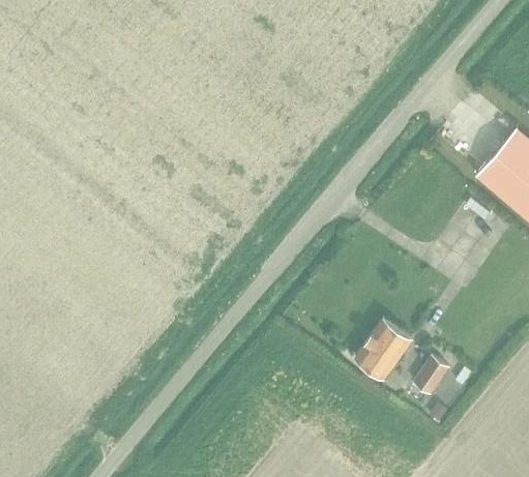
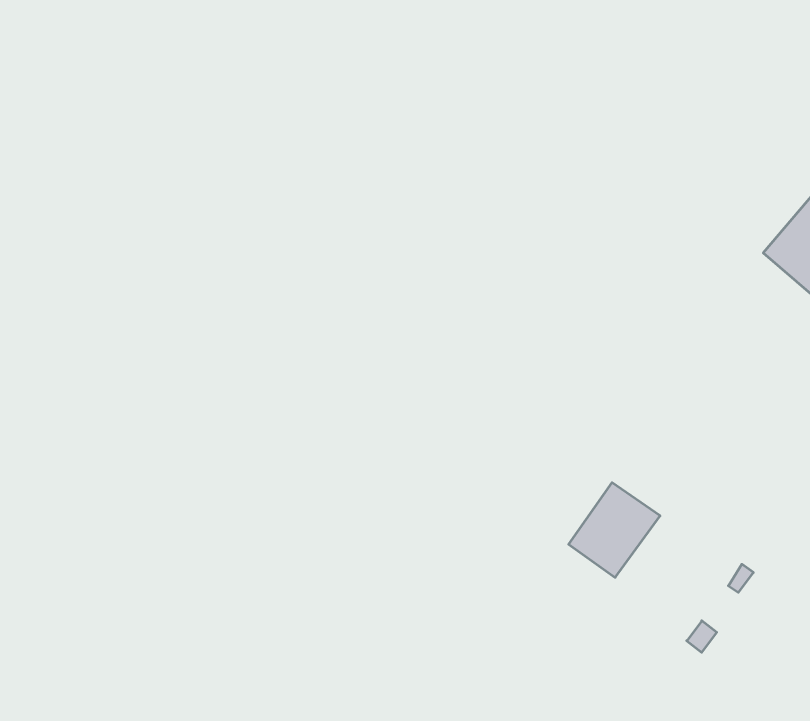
building: [413,358,447,395] -> none

